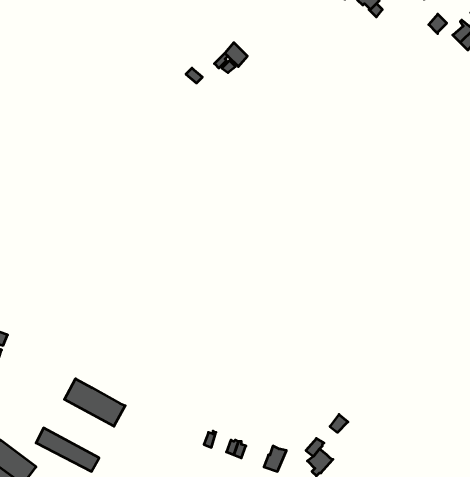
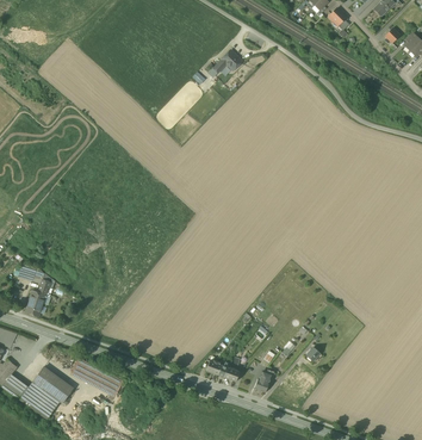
building: [64,379,125,426] -> none

